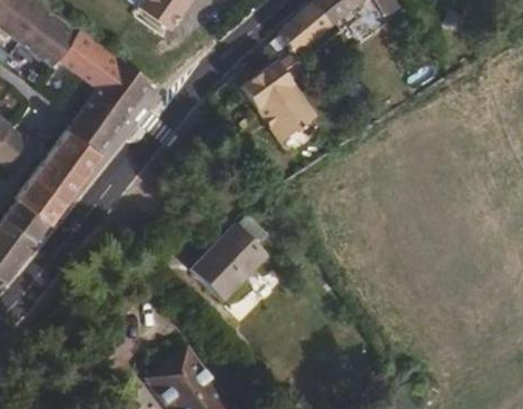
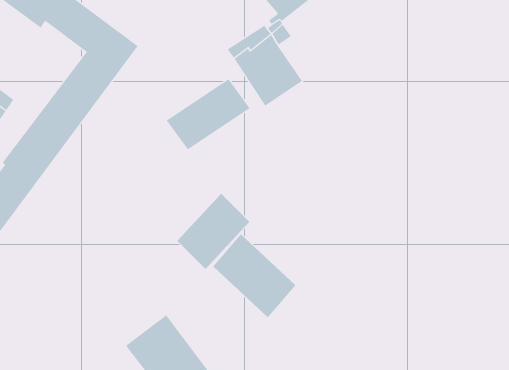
building: none -> [166,79,251,150]
building: none -> [213,234,296,318]

